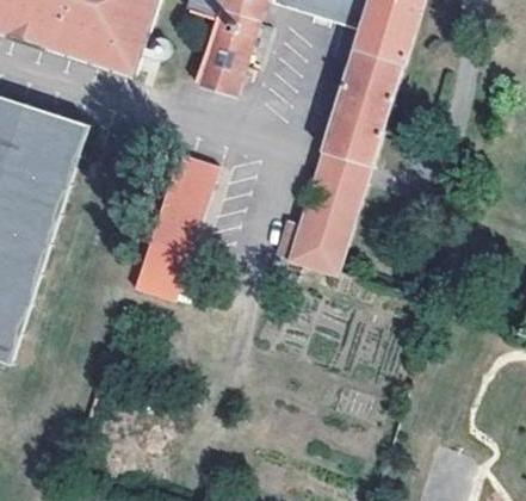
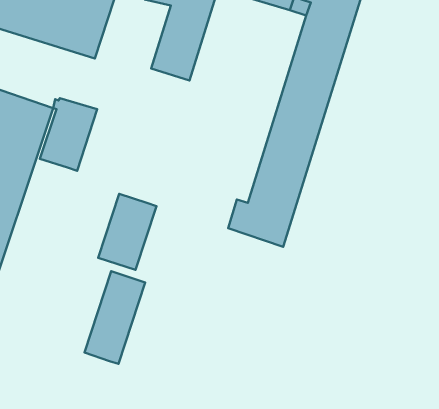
building: [159,154,221,233] -> [40,98,97,171]
building: none -> [85,271,145,364]

